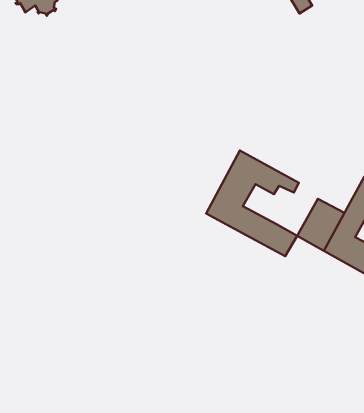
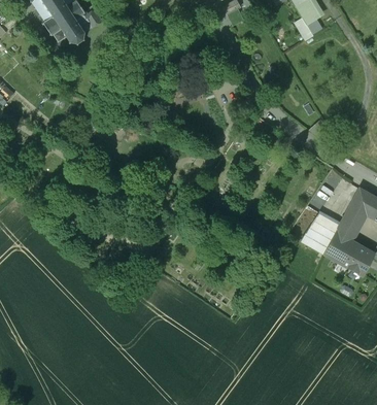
building: [206,151,299,256] -> none

